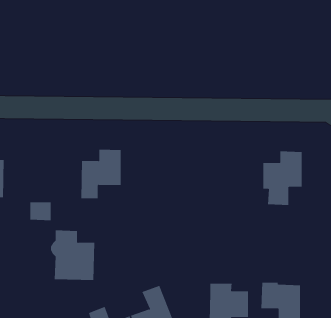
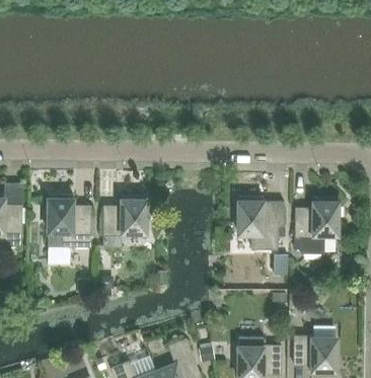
building: none -> [234,197,284,249]
building: [50,230,95,281] -> [44,194,91,247]

